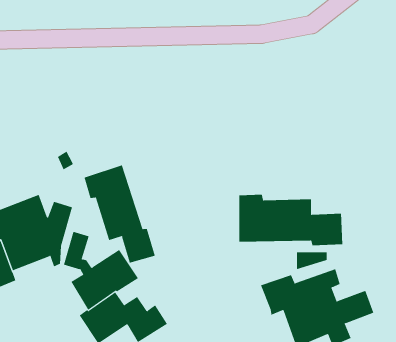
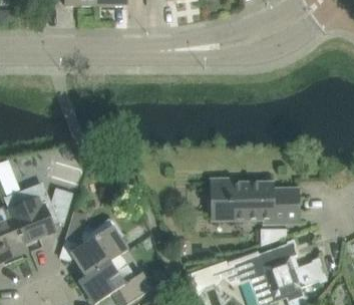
building: [84,164,156,264] -> none

